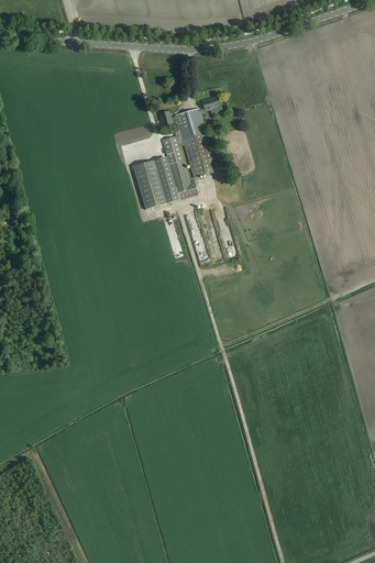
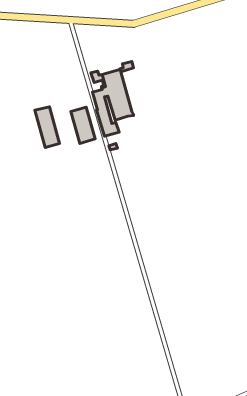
building: none -> [35,107,59,148]

